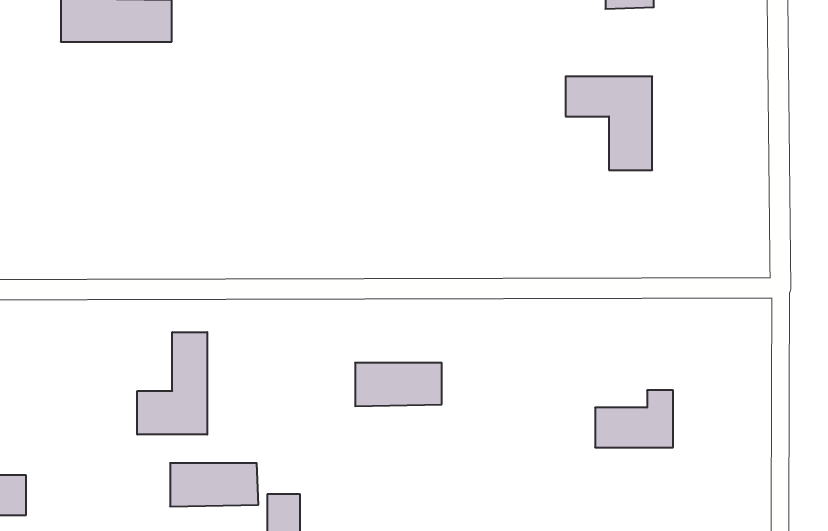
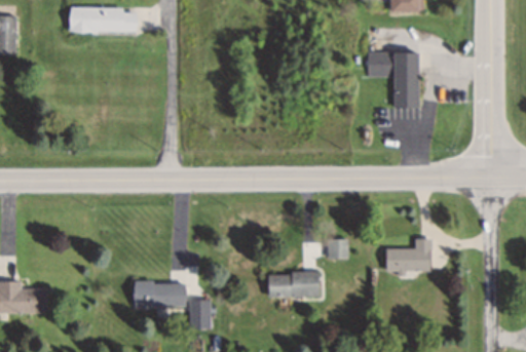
building: [137,332,207,435] -> none
building: [355,363,442,406] -> [267,272,318,298]
building: none -> [327,238,348,259]

